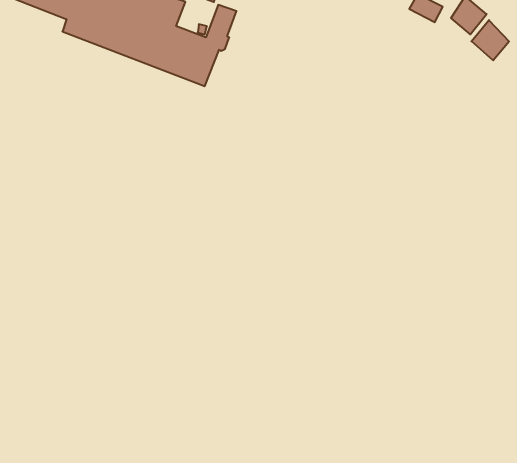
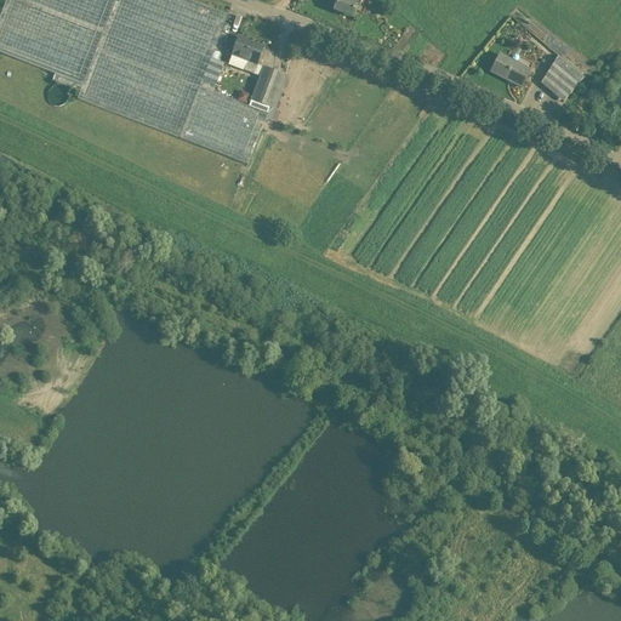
building: [471,20,509,60] -> none

